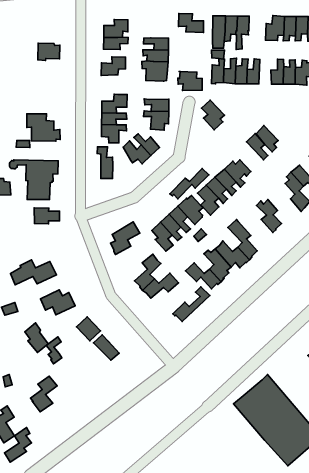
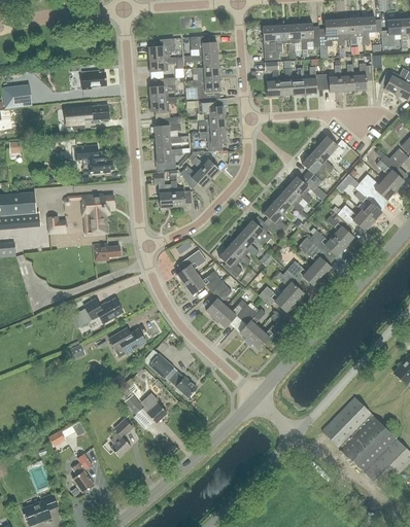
building: [179,14,204,33] -> [190,35,217,55]
building: none -> [300,22,319,49]
building: [178,72,202,90] -> [197,99,224,119]
building: none -> [150,96,176,118]
building: none -> [70,105,109,125]
building: [201,100,224,130] -> [301,154,326,185]
building: none -> [170,176,191,206]
building: [170,169,209,199] -> none
building: none -> [337,205,373,231]
building: none -> [308,230,345,255]
building: none -> [182,271,221,294]
building: none -> [239,309,265,342]
building: [25,323,48,353] -> [140,392,166,423]
building: [4,428,32,462] -> none

